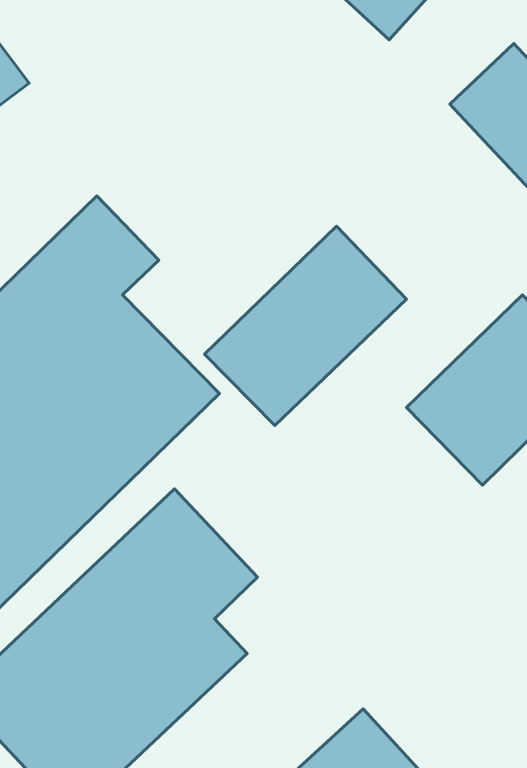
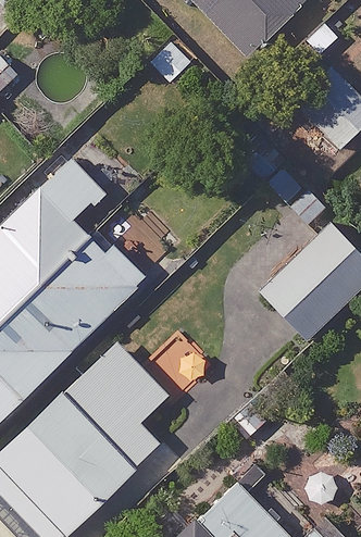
building: [205,226,406,425] -> none

